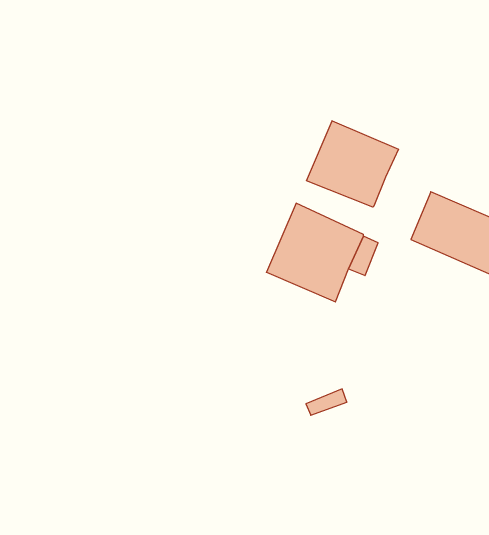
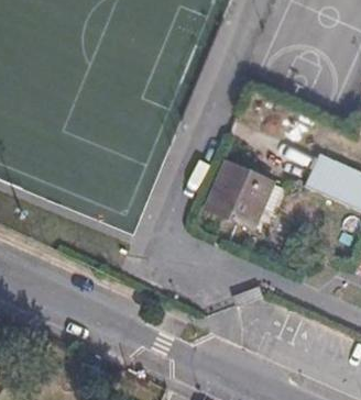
building: [306,121,398,207] -> none

